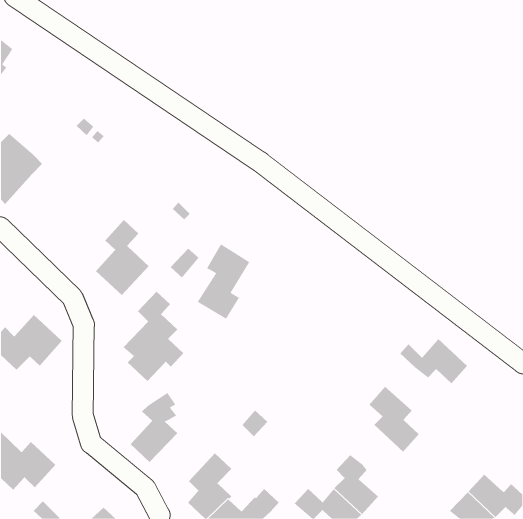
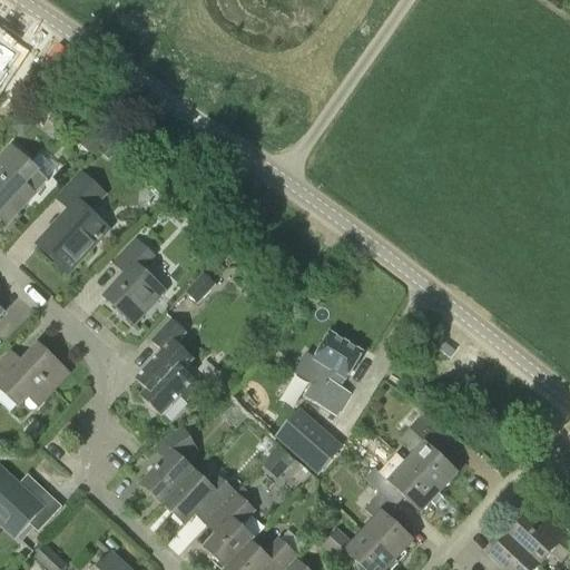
building: none -> [37,171,107,271]
building: [197,244,250,319] -> [303,334,361,416]
building: [399,338,468,384] -> [364,462,439,512]
building: none -> [277,411,341,472]
building: none -> [163,471,234,523]

